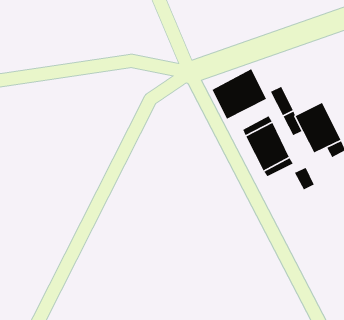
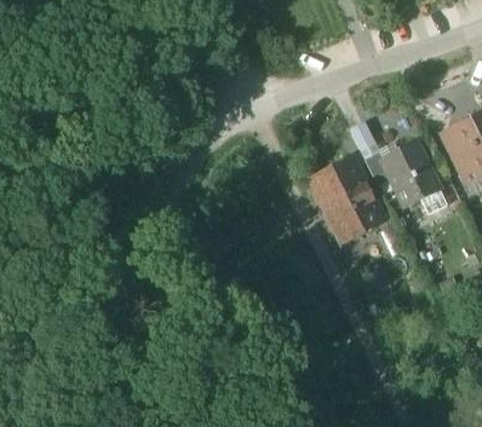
building: [212,68,267,120] -> none

